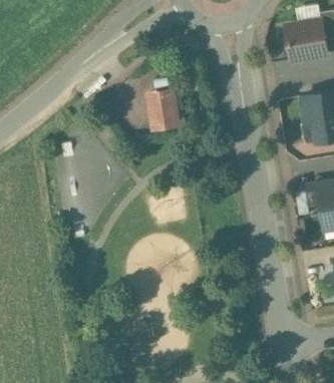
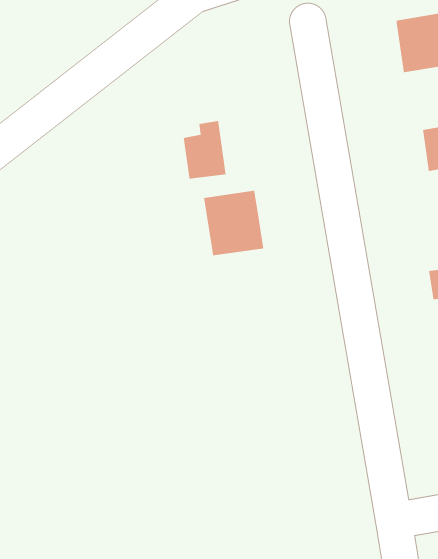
building: none -> [203,190,264,256]

